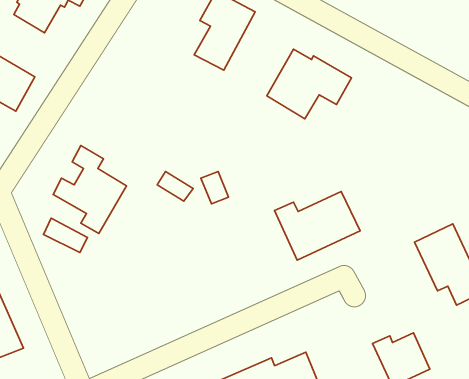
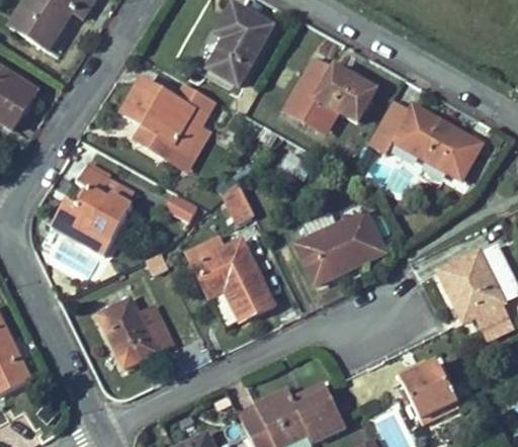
building: none -> [121,74,210,165]
building: none -> [368,100,482,181]
building: none -> [194,241,273,322]
building: none -> [94,293,172,367]

